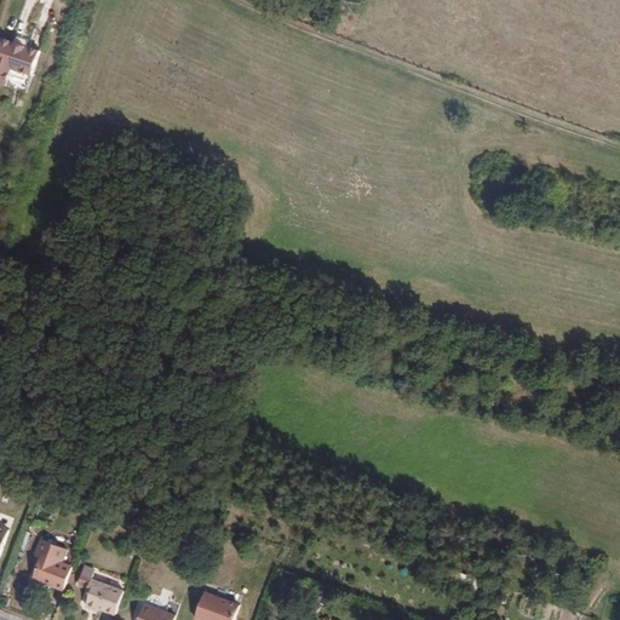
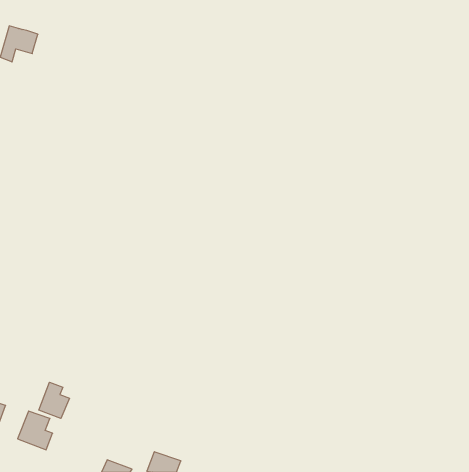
building: none -> [39,382,69,418]
building: [84,580,121,614] -> none

